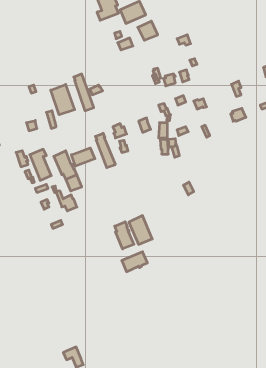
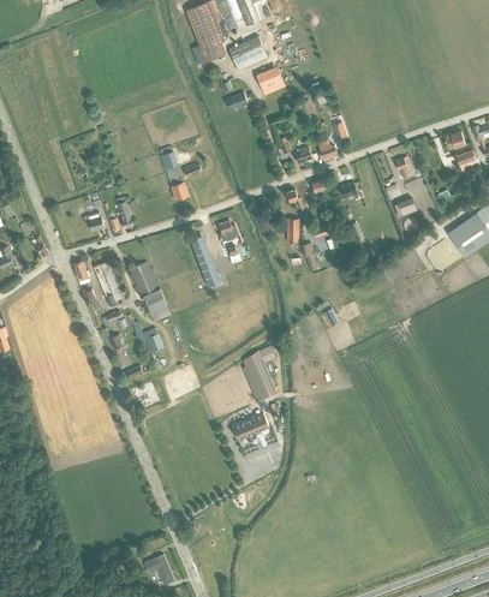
building: [51,84,75,115] -> none
building: [71,148,95,166] -> none
building: [115,222,134,249] -> none

